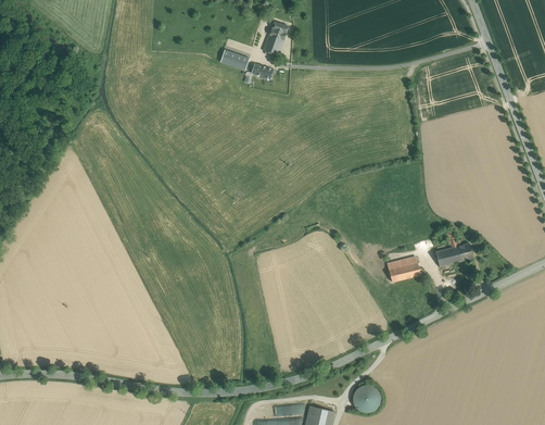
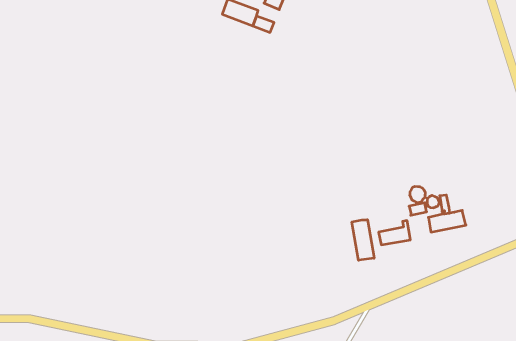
building: none -> [352,220,374,260]

